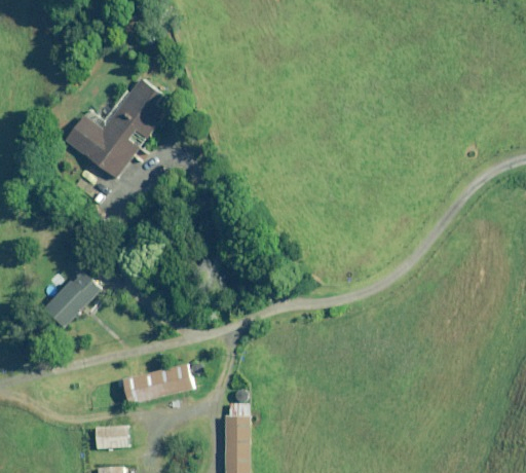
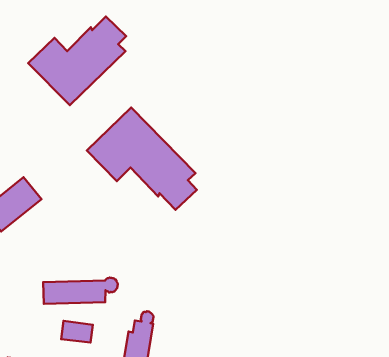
building: none -> [87,107,197,210]
building: [95,427,128,448] -> [61,321,93,342]

